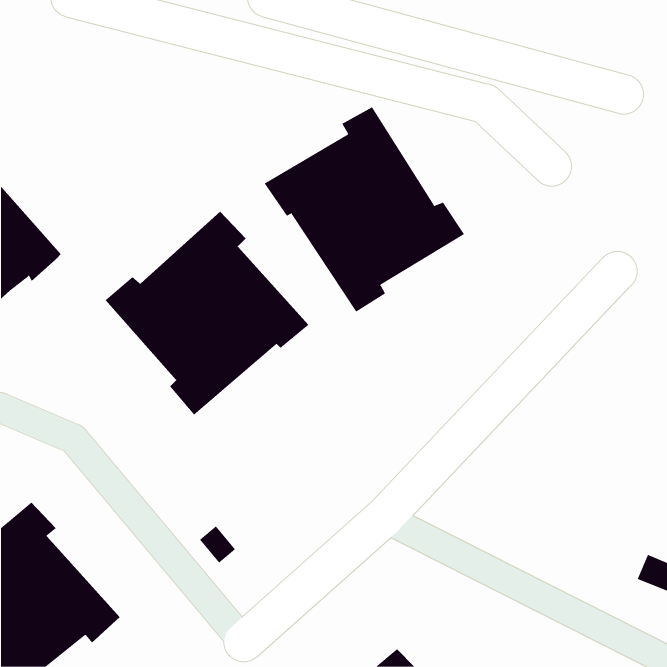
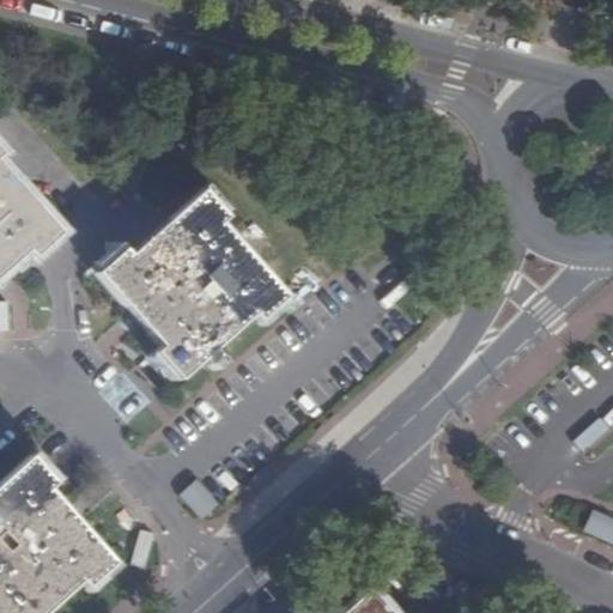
building: [264,107,465,312] -> none

